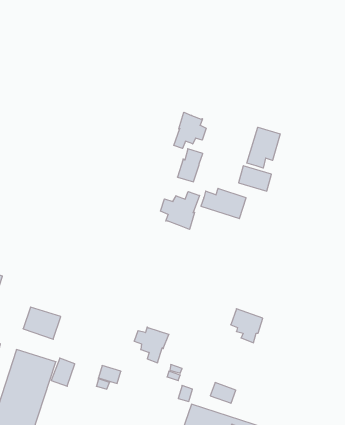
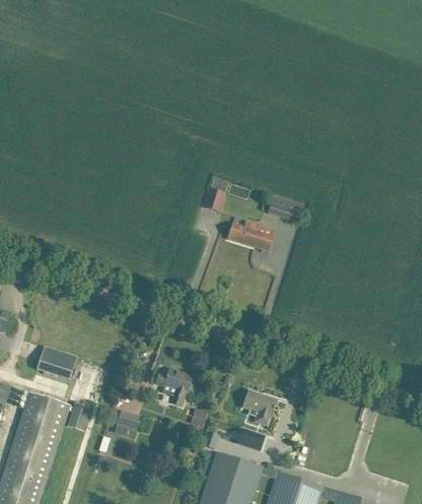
building: [174,112,206,148] -> none
building: [247,127,280,168] -> none
building: [160,192,200,229] -> none
building: [231,309,263,343] -> [242,390,277,427]

